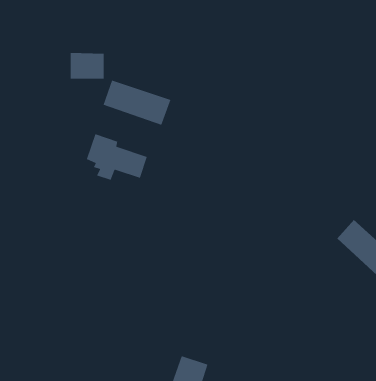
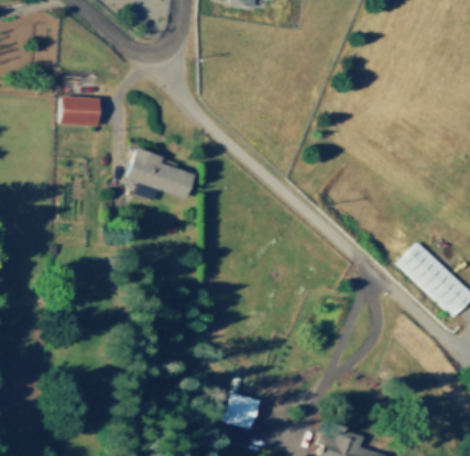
building: [70,52,104,80] -> [61,96,98,125]
building: [102,80,172,126] -> none

